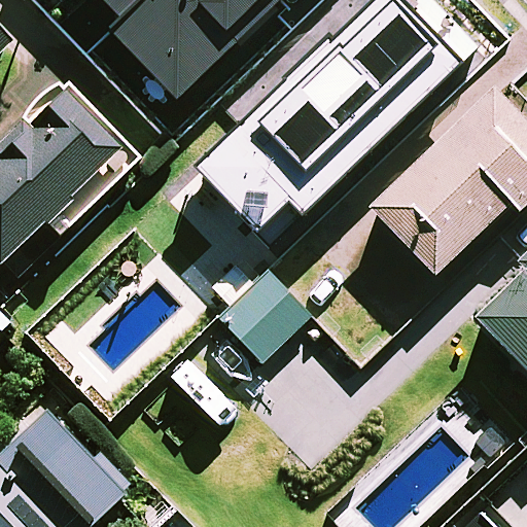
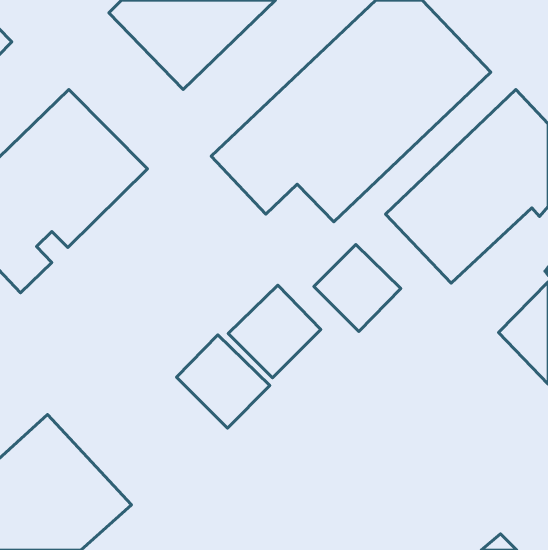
building: none -> [314,245,401,331]
building: none -> [177,335,270,428]

